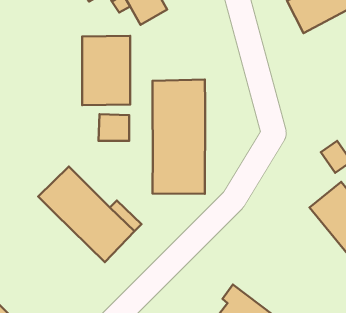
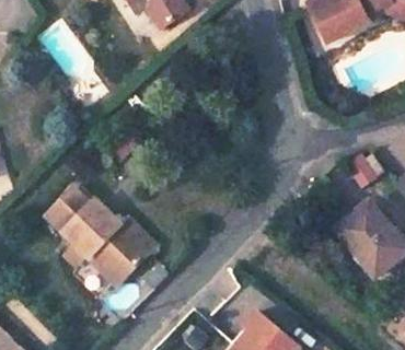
building: [82,36,130,105] -> none
building: [152,80,205,194] -> none

